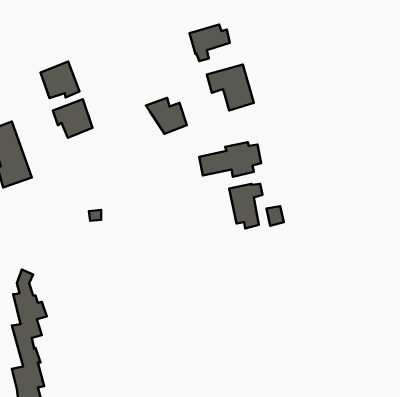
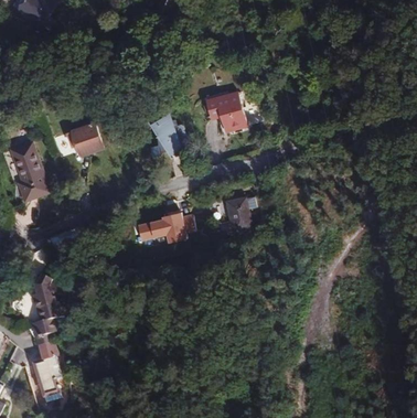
building: [190,24,230,61] -> none
building: [41,61,80,98] -> none
building: [199,142,261,177] -> [138,210,193,240]

